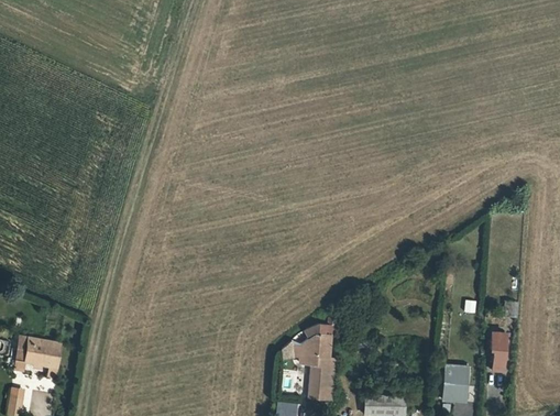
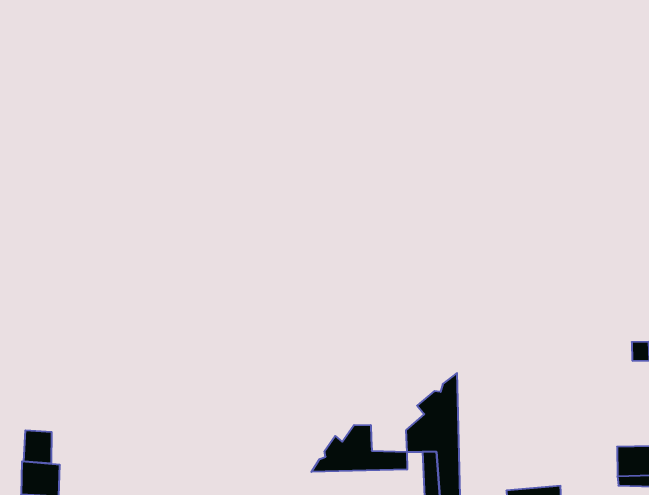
building: none -> [24,430,52,464]
building: none -> [311,425,407,472]

